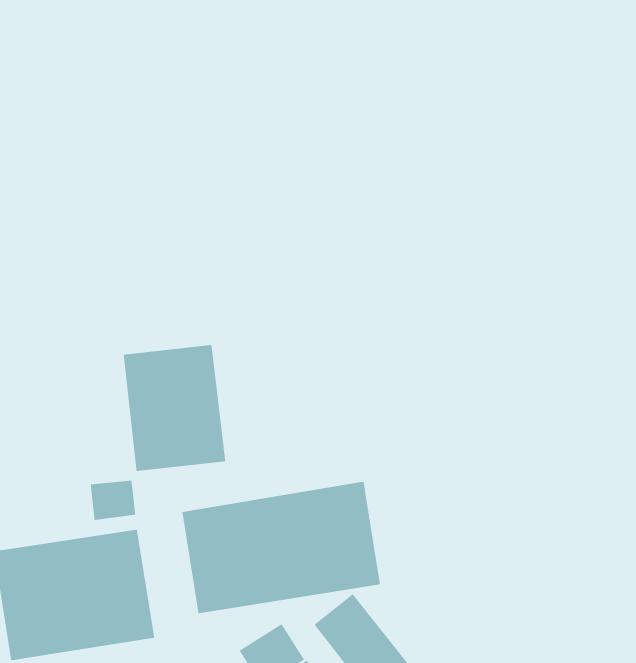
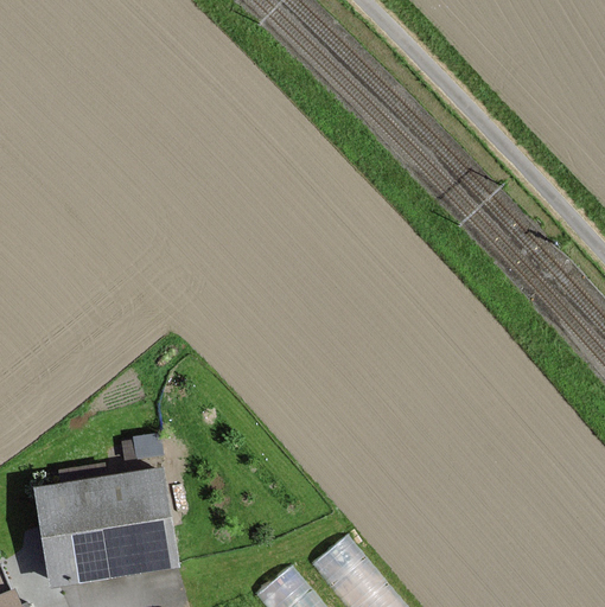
building: [123,344,226,472] -> none
building: [182,481,381,614] -> none

